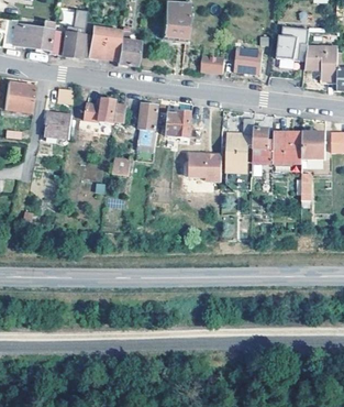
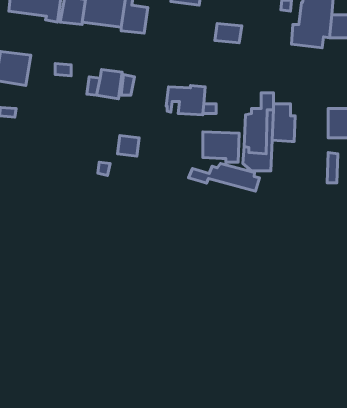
building: [235,50,264,75] -> none
building: [140,105,158,145] -> none
building: [47,113,70,139] -> none
building: [273,133,303,164] -> none
building: none -> [189,163,259,191]

